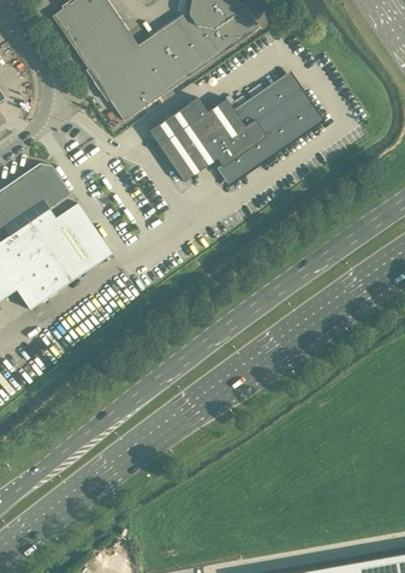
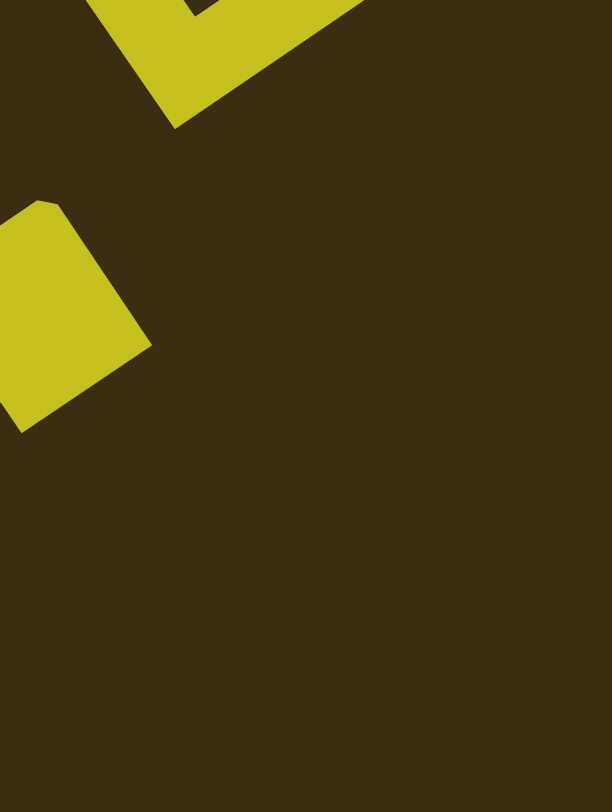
building: [148,77,317,181] -> none

